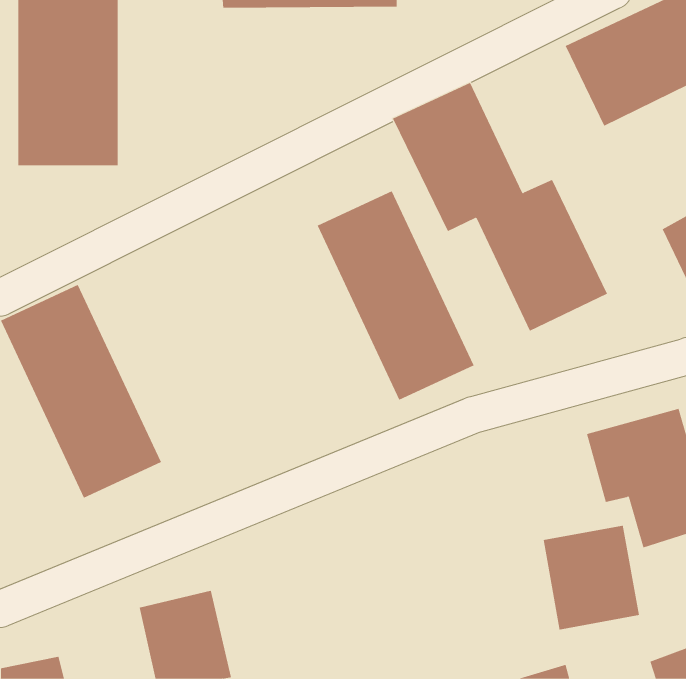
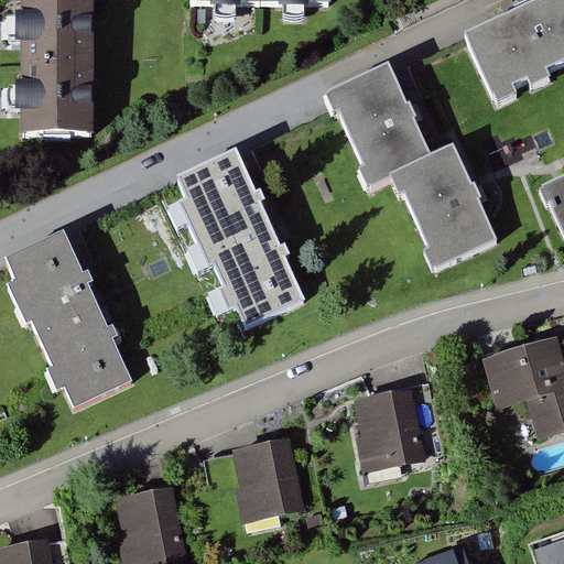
building: [317,190,474,401] -> [175,152,304,324]
building: [543,525,640,630] -> [354,386,433,471]
building: none -> [232,434,310,519]

